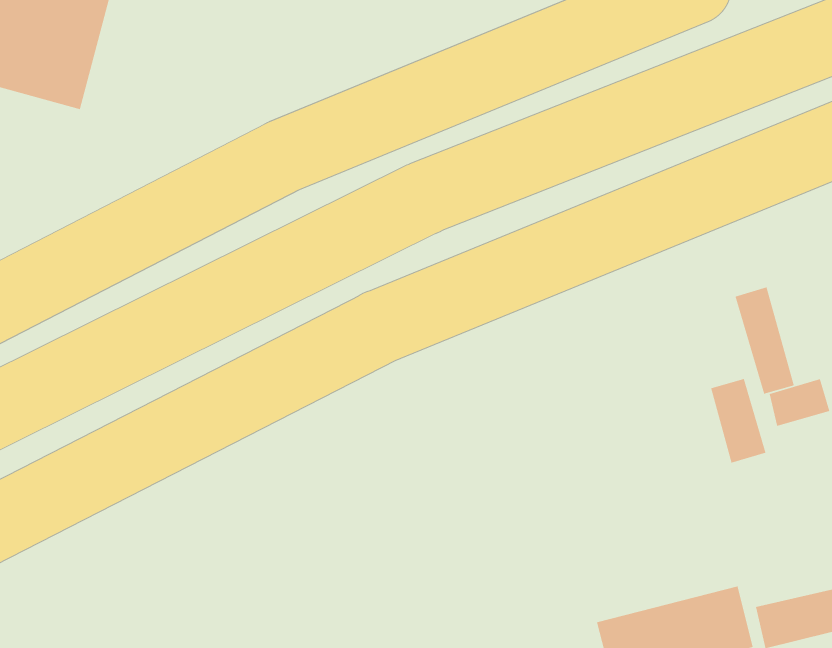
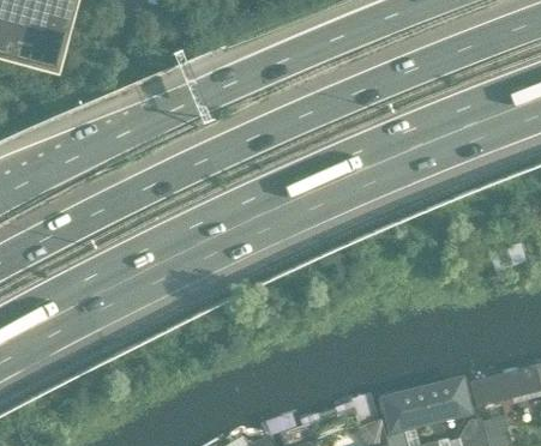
building: [735,287,794,395] -> none
building: [710,378,766,464] -> none

